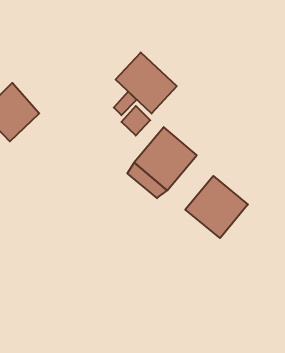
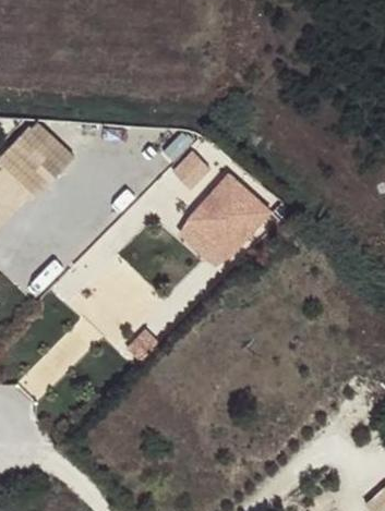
building: [116,52,177,114] -> none
building: [185,176,248,238] -> none

